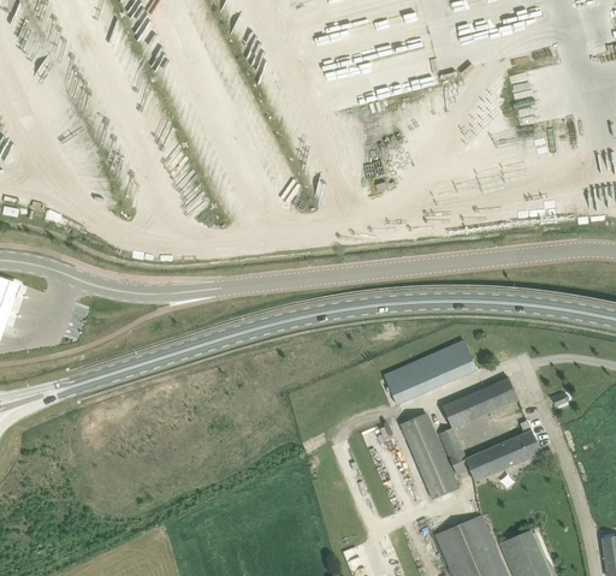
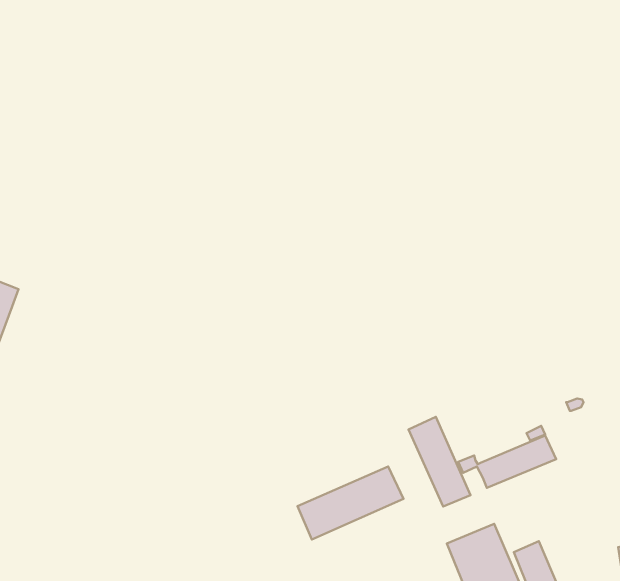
building: [384,340,476,405] -> none
building: [440,378,517,429] -> none
building: none -> [297,467,404,540]

